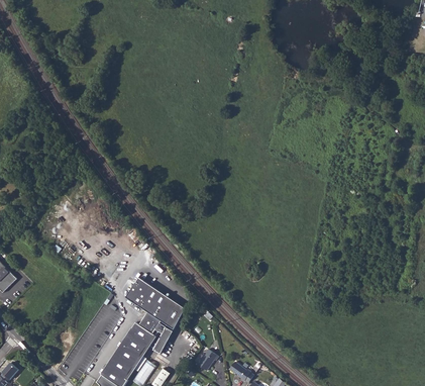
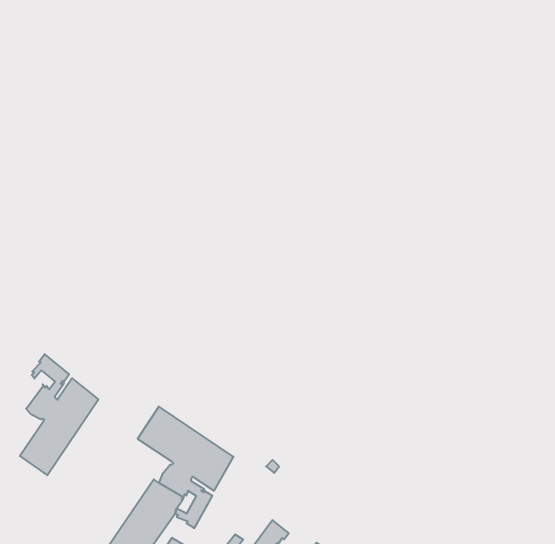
building: none -> [20,354,98,475]

